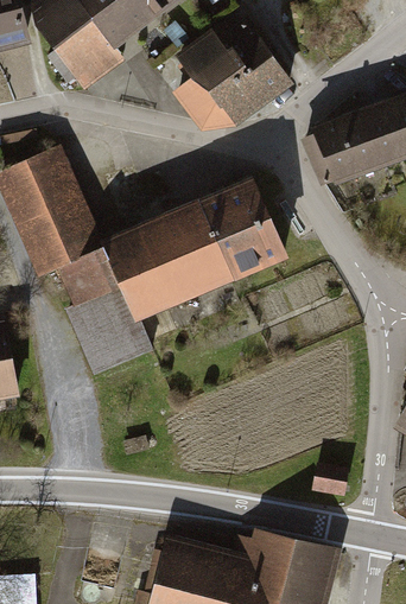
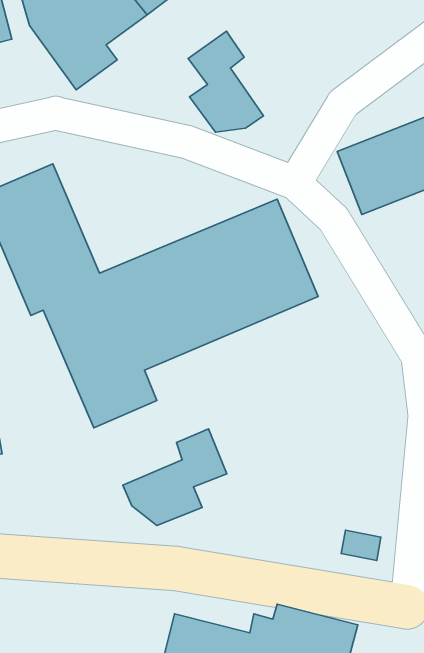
building: [215,20,283,106] -> none
building: none -> [123,429,227,526]

